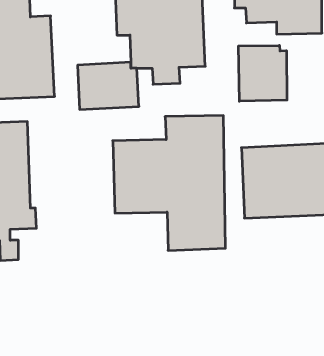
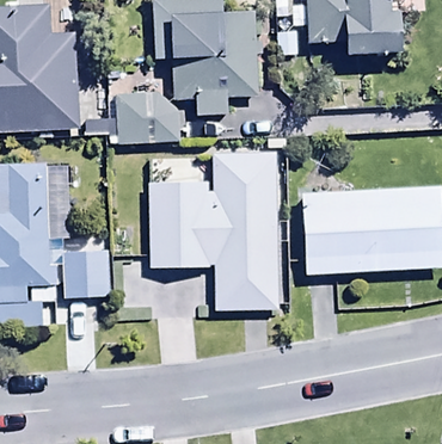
building: [239,45,287,101] -> none
building: none -> [65,248,112,296]

